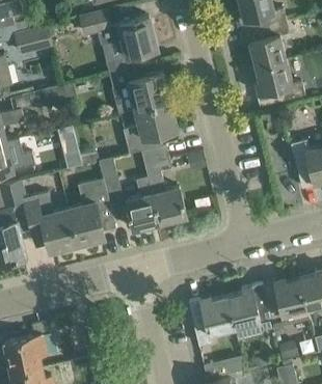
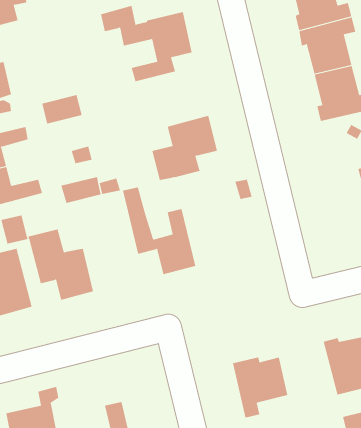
building: [17,27,51,52] -> none
building: [110,65,170,114] -> none
building: [142,145,187,223] -> none
building: [69,179,113,244] -> none
building: [227,284,274,331] -> none

